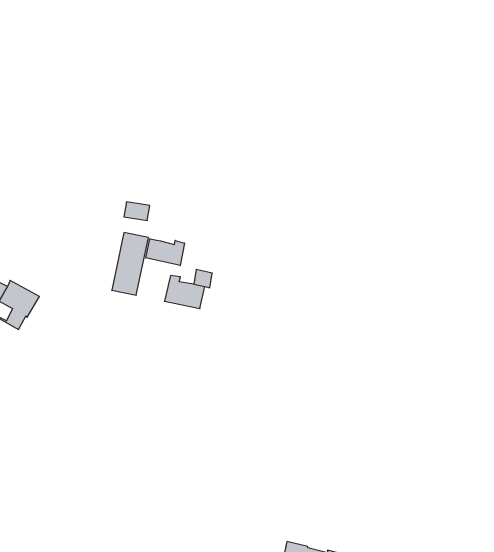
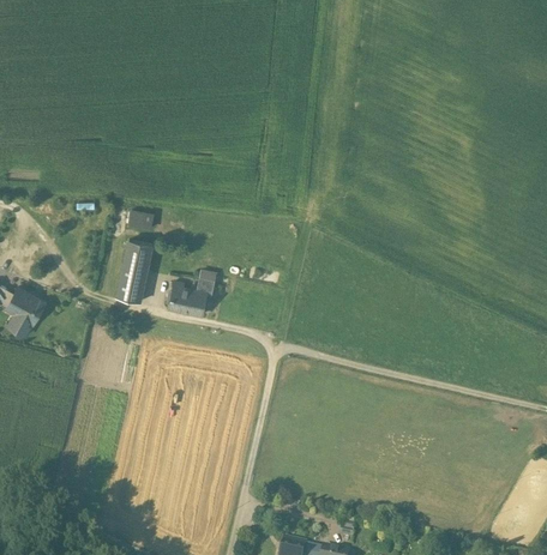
building: [146,239,184,266] -> none

